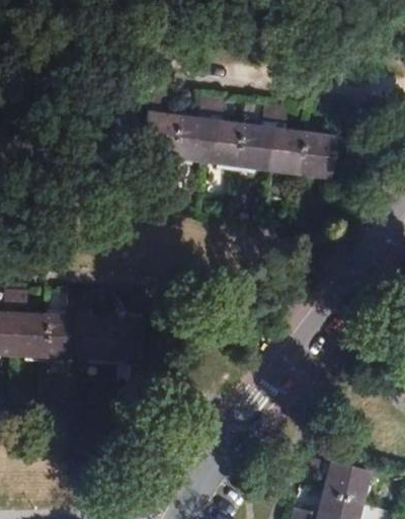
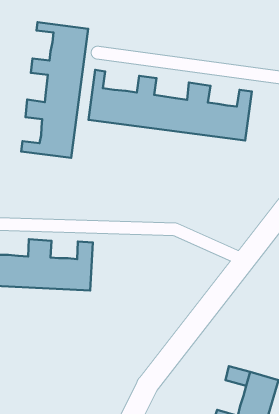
building: none -> [21,22,88,158]

